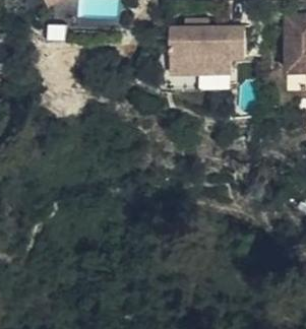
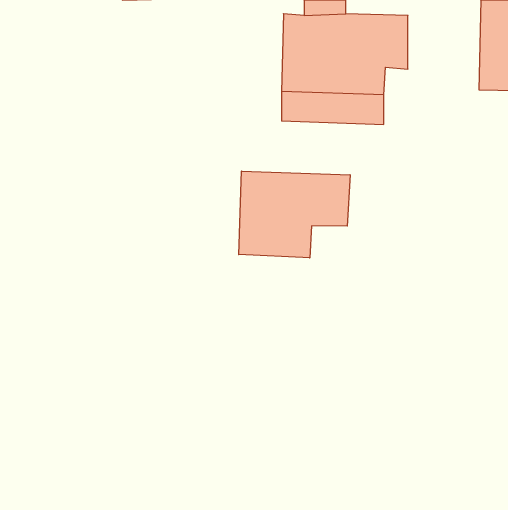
building: none -> [239,171,350,258]

